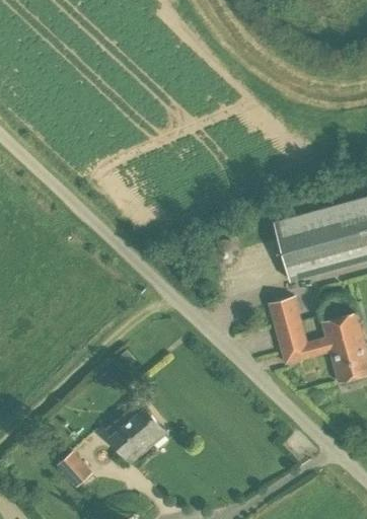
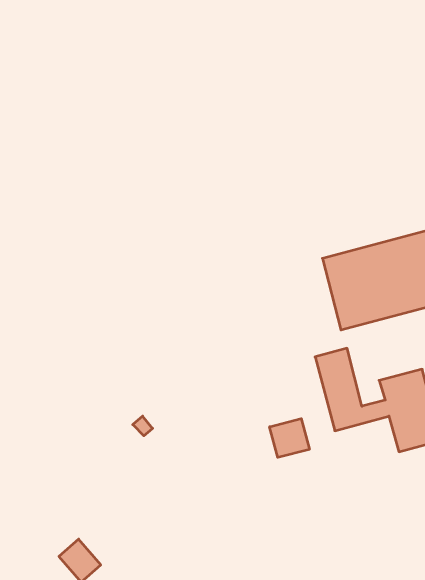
building: none -> [270,419,309,457]
building: [109,409,162,456] -> none

